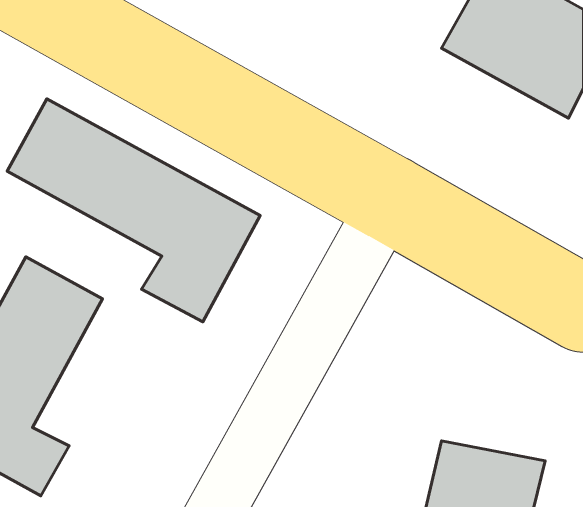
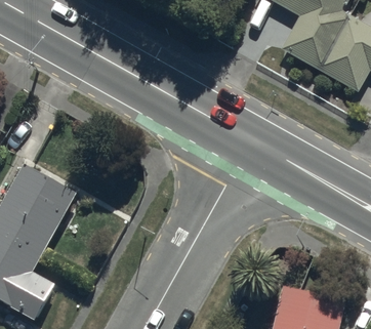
building: [7,99,260,322] -> none

